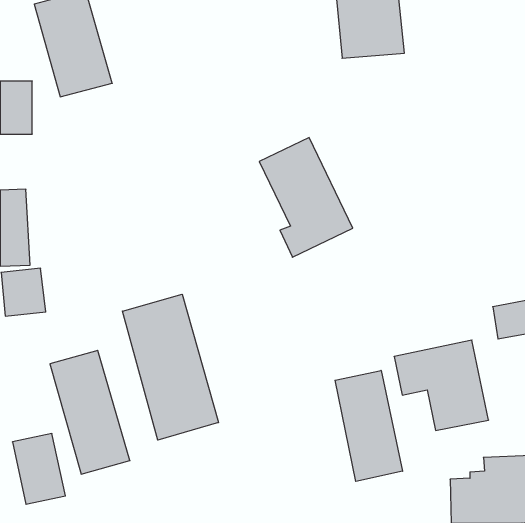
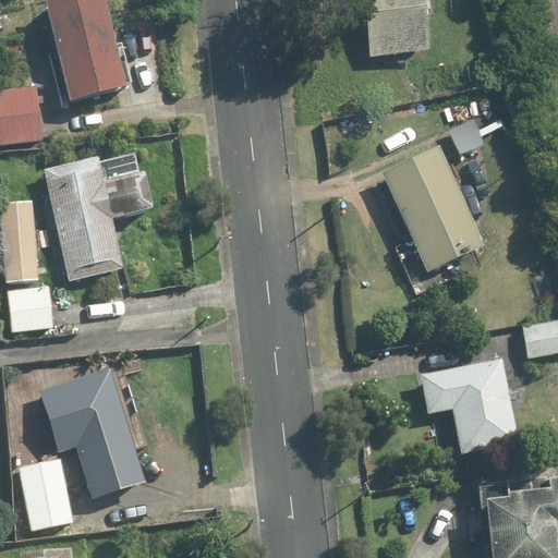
building: [259,138,353,257] -> [383,150,481,276]
building: none -> [43,158,149,281]
building: [122,294,218,440] -> none
building: [335,370,403,481] -> none

